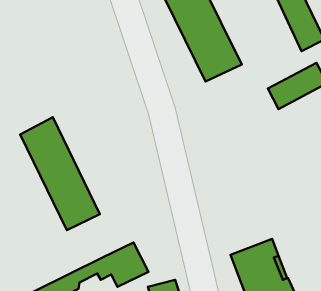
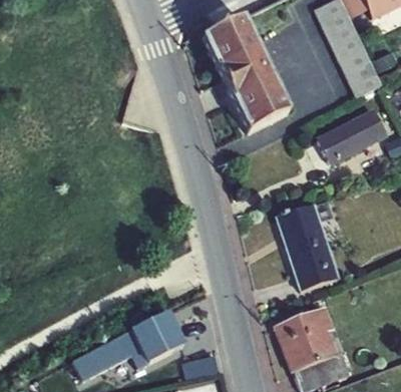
building: [20,117,100,230] -> none
building: none -> [277,202,337,291]

